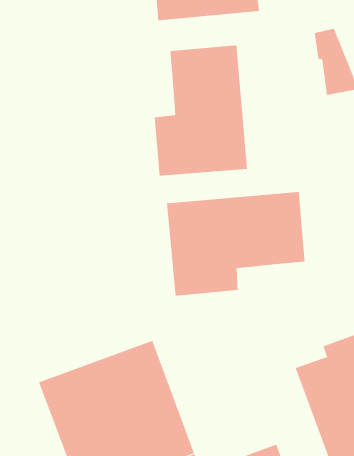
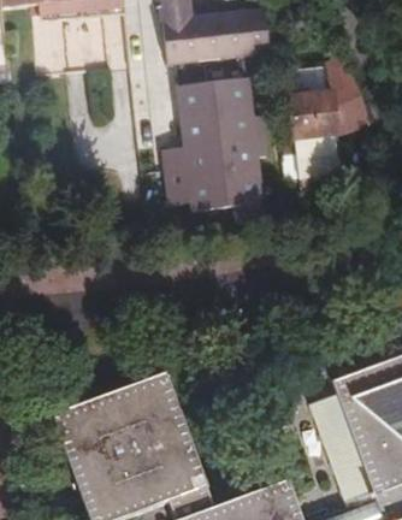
building: none -> [290,70,343,179]
building: [166,191,305,296] -> none

